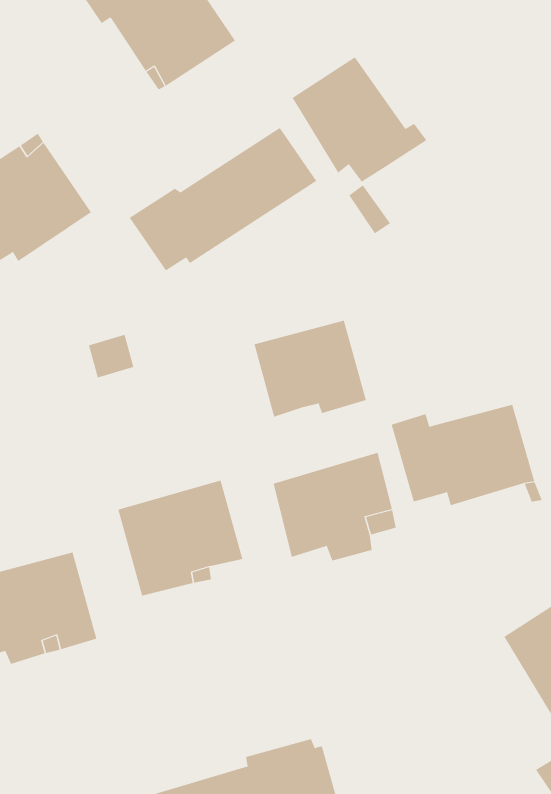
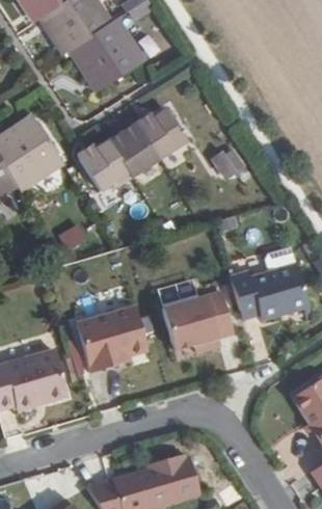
building: [292,57,427,183] -> none
building: [254,320,366,418] -> none

